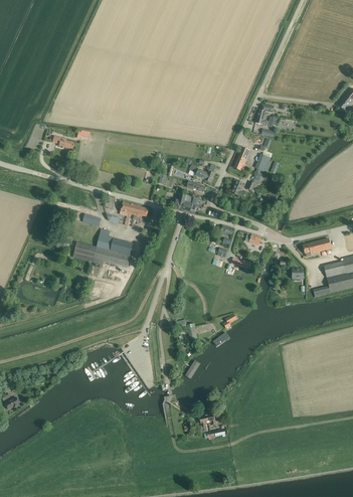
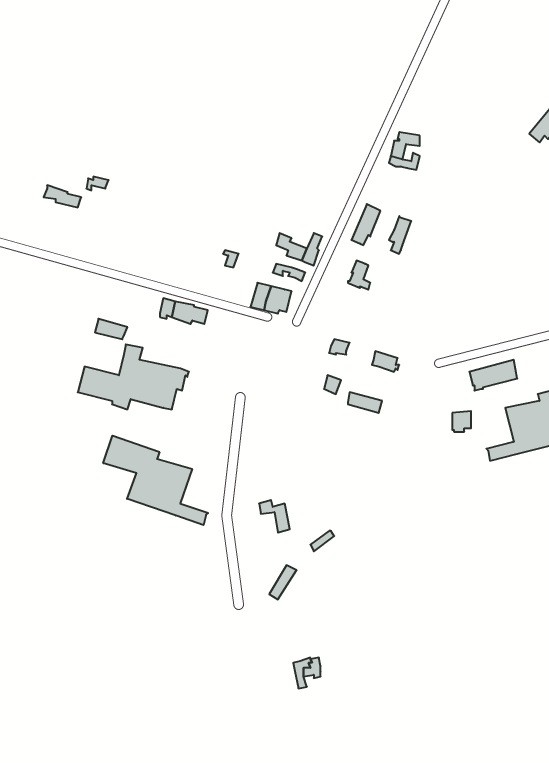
building: none -> [103,436,208,525]

